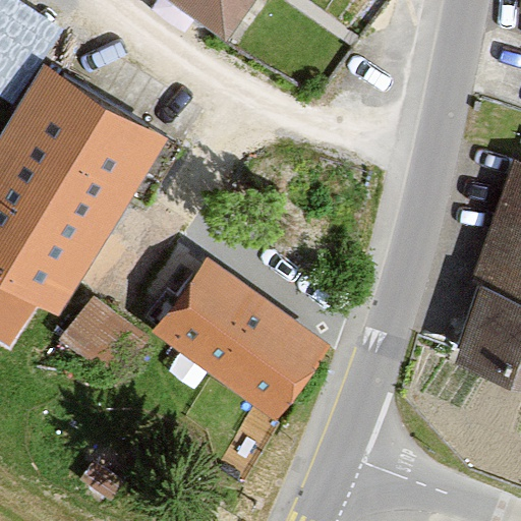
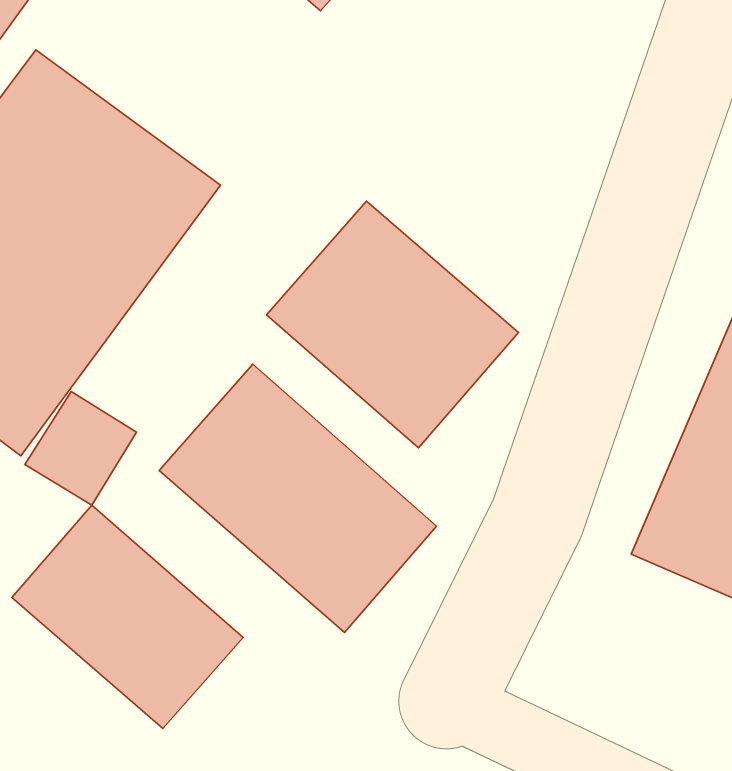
building: none -> [266,201,519,448]
building: none -> [12,505,243,728]

